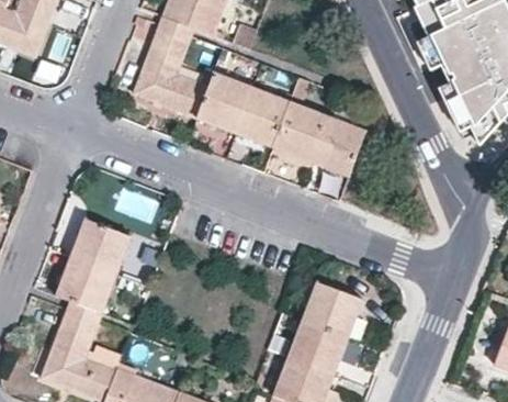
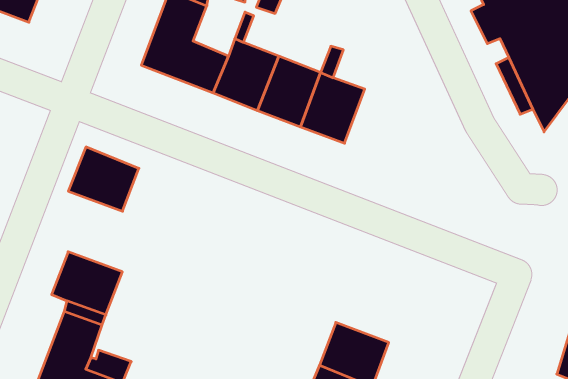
building: [309,114,365,177] -> none
building: [69,217,131,273] -> [68,147,139,211]
building: [302,281,362,335] -> none

